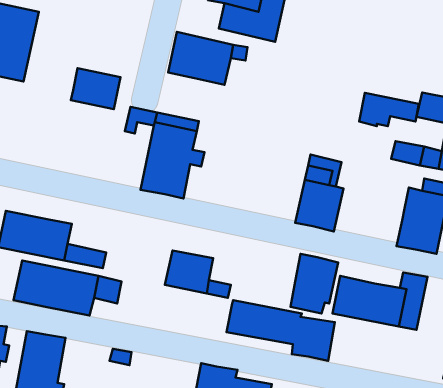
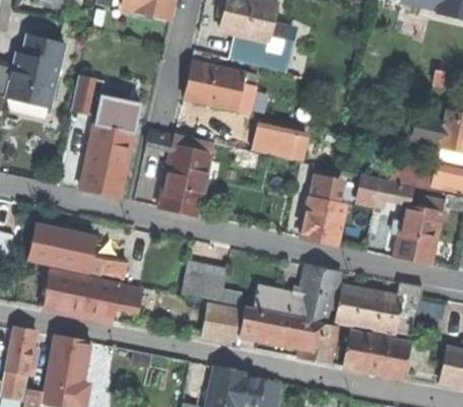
building: none -> [71,75,104,115]
building: [359,93,419,126] -> [357,177,412,207]
building: none -> [80,124,134,196]
building: none -> [253,124,307,161]
building: none -> [255,287,301,314]
building: none -> [201,304,243,346]
building: none -> [343,332,410,379]

